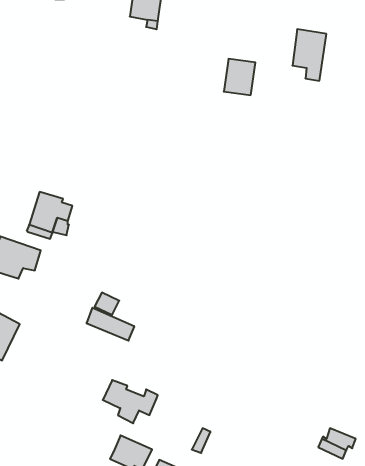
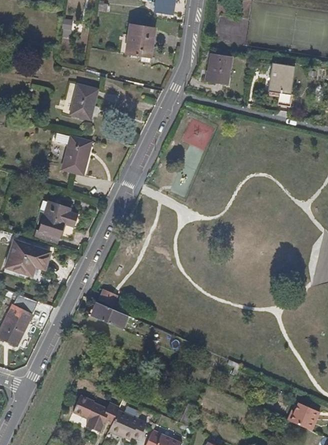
building: none -> [70,85,98,119]
building: [224,59,255,95] -> [206,53,233,84]
building: none -> [64,132,95,171]
building: [103,380,158,423] -> [72,394,119,431]

